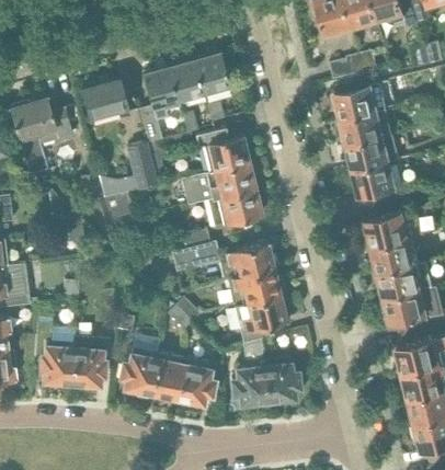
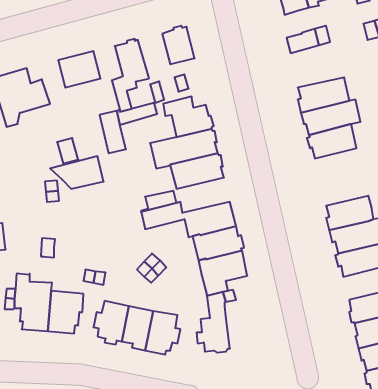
building: [168,59,203,102] -> none
building: [334,81,395,119] -> none
building: [365,209,422,248] -> none
building: [263,364,299,404] -> none

